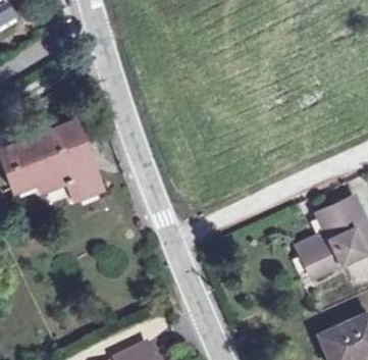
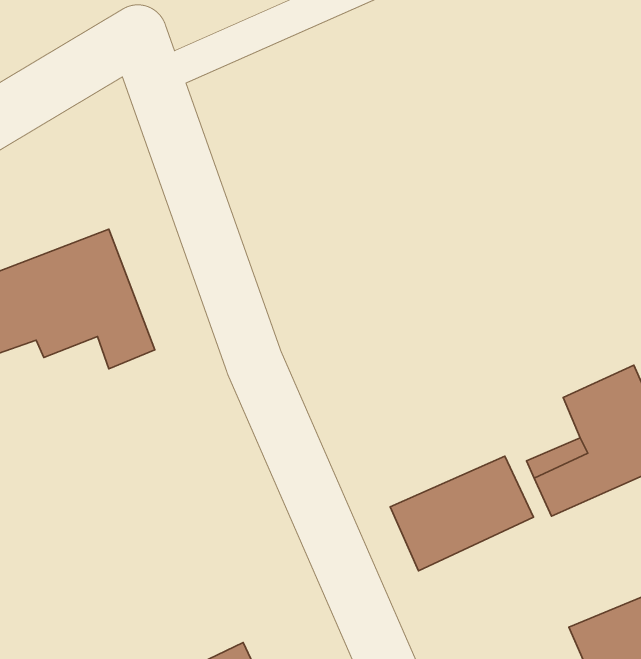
building: none -> [390,456,533,571]

